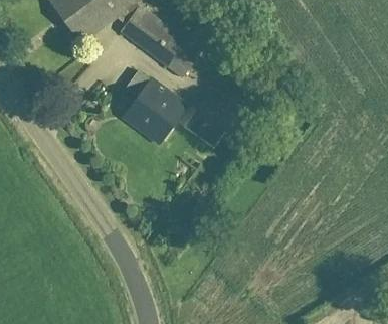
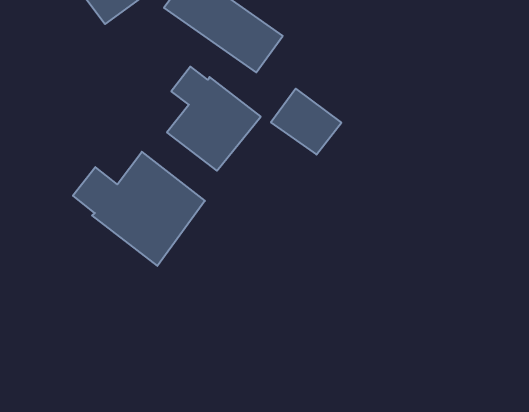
building: none -> [73,152,205,266]

